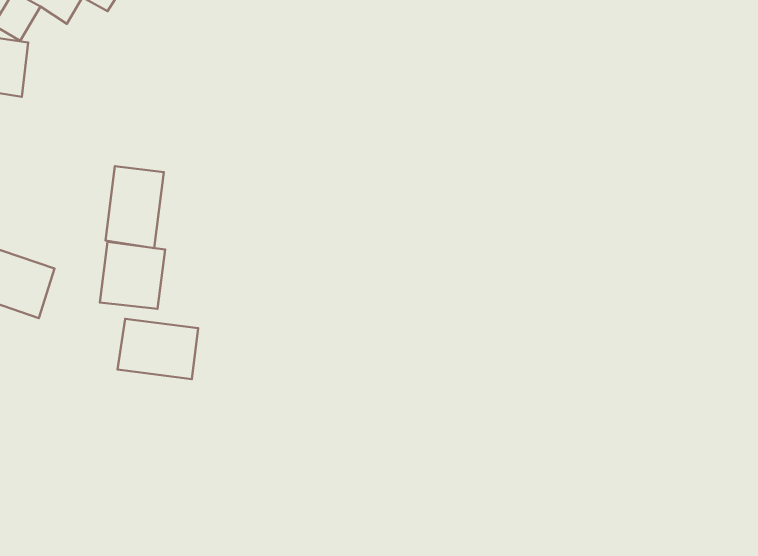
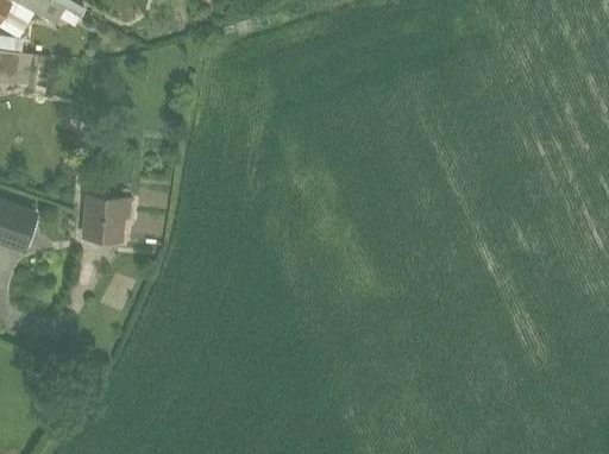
building: [105,166,164,248] -> none
building: [117,319,198,379] -> none

